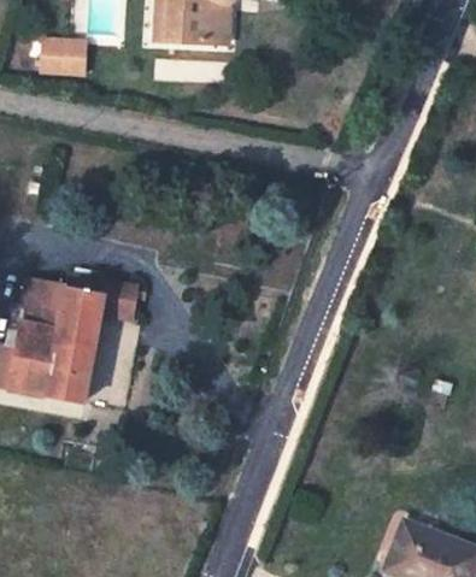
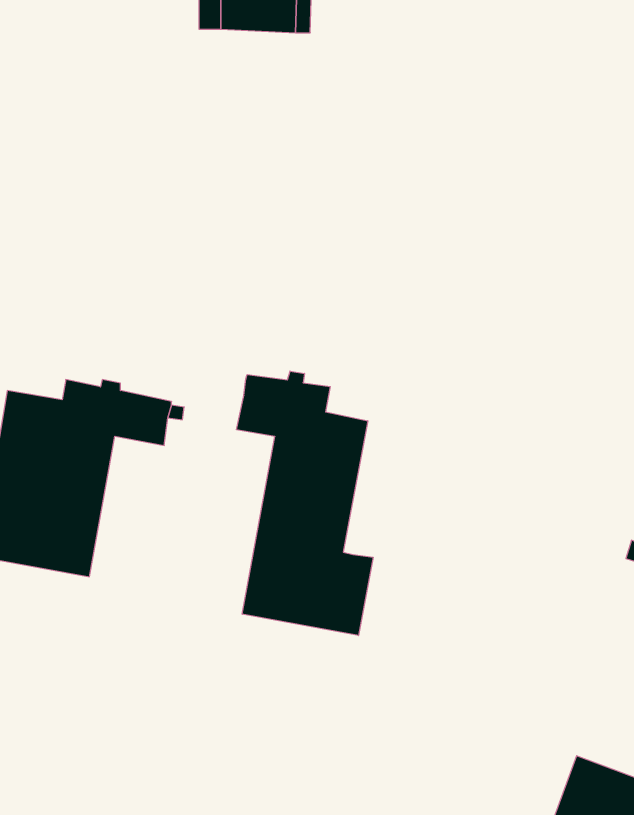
building: [40,37,88,77] -> none
building: none -> [237,371,373,636]

